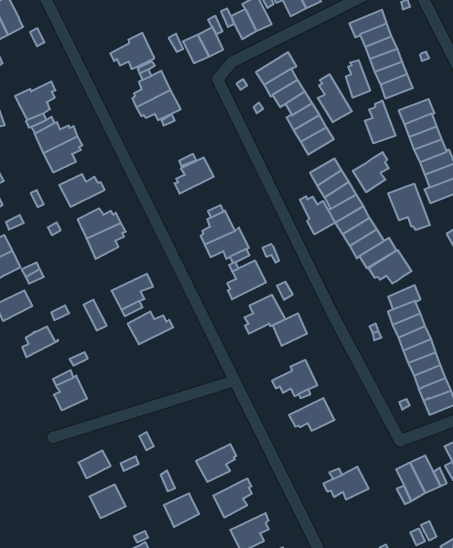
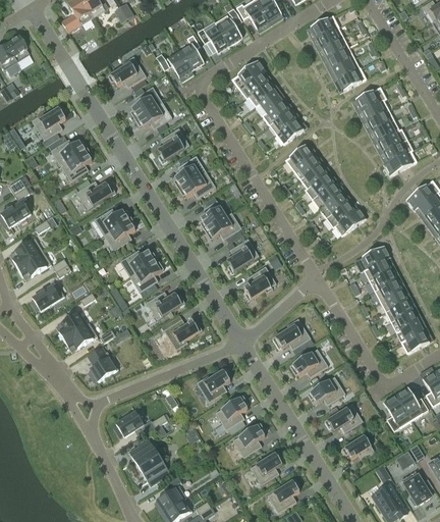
building: [346,60,370,98] -> none
building: [318,74,352,122] -> none
building: [365,100,396,143] -> none
building: none -> [157,126,189,161]
building: [353,152,389,192] -> none
building: none -> [178,170,215,197]
building: [388,184,430,230] -> none
building: [300,196,335,234] -> none
building: [368,250,411,284] -> none
building: none -> [120,249,158,275]
building: [273,313,307,346] -> none
building: none -> [63,322,97,348]
building: none -> [164,317,202,349]
building: none -> [197,366,230,401]
building: none -> [307,375,345,404]
building: [164,493,199,527] -> [140,456,170,485]
building: none -> [341,433,375,459]

